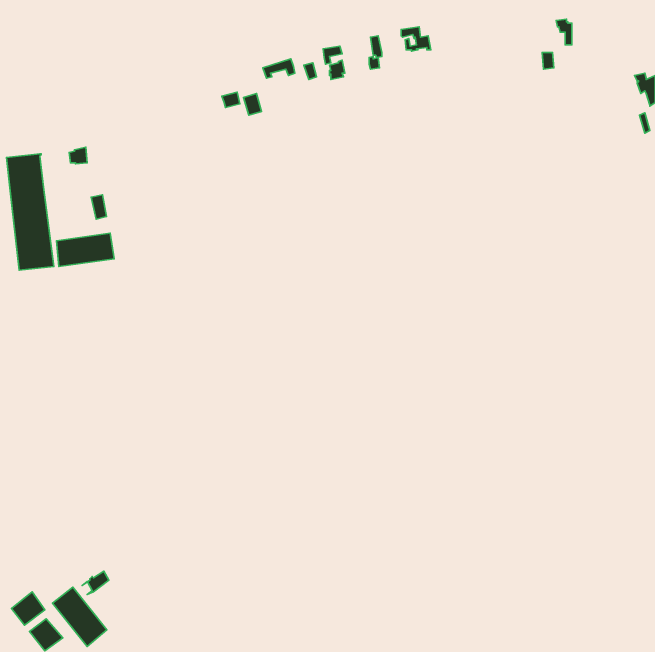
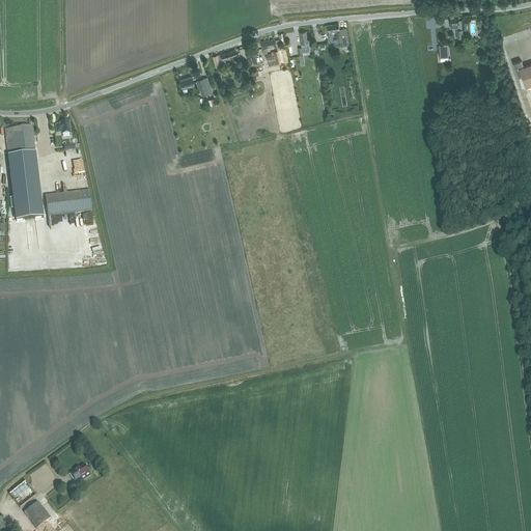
building: [53,587,107,647] -> none

